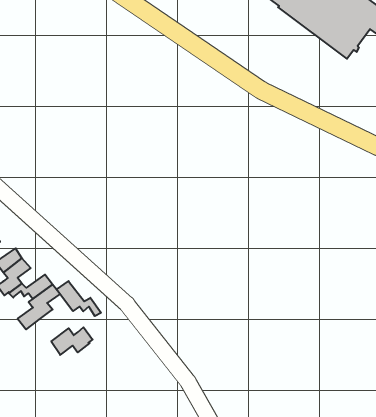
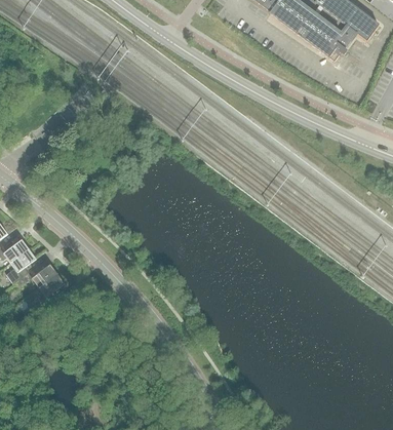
building: [57,281,101,316] -> none
building: [51,327,93,355] -> none

